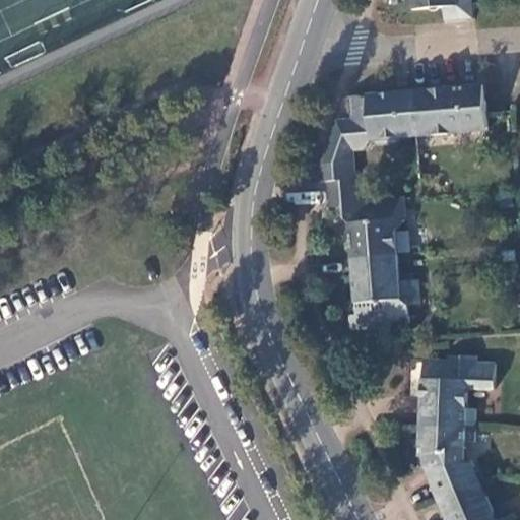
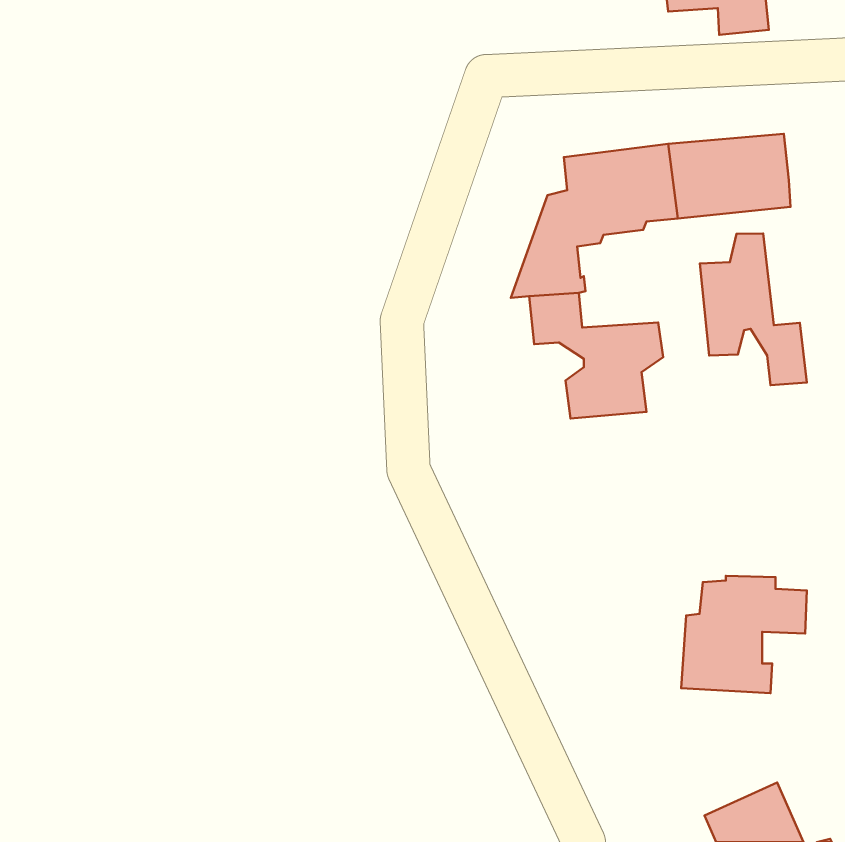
building: none -> [700,234,807,385]
building: [350,253,421,329] -> none
building: [418,422,477,501] -> none

